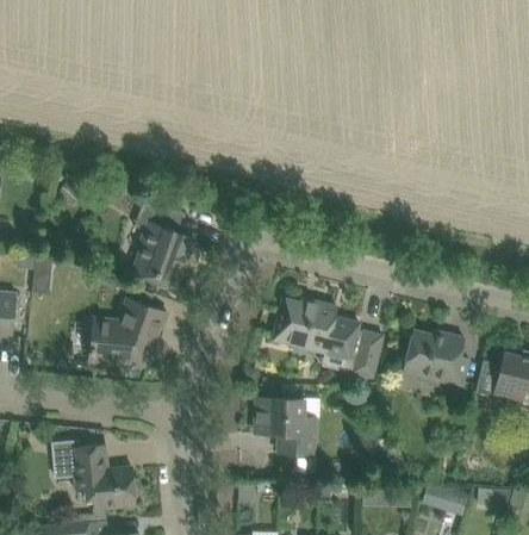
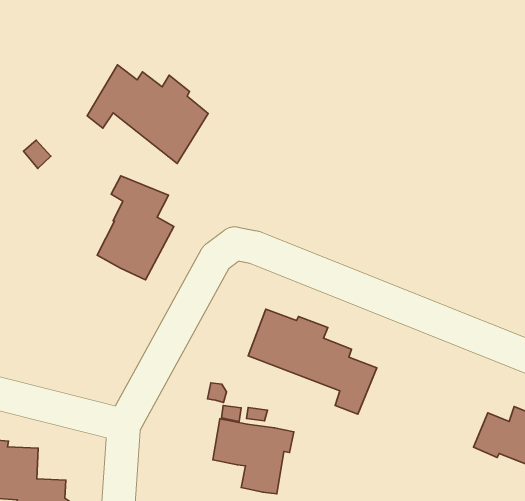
building: none -> [87,65,208,163]
building: [89,299,167,367] -> none
building: [403,330,468,386] -> none

